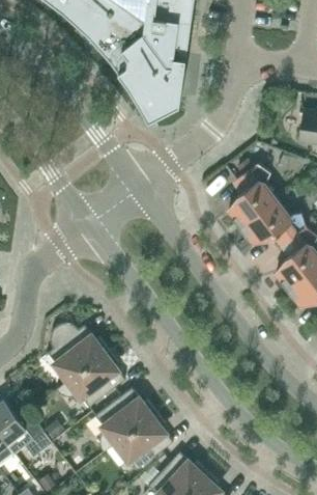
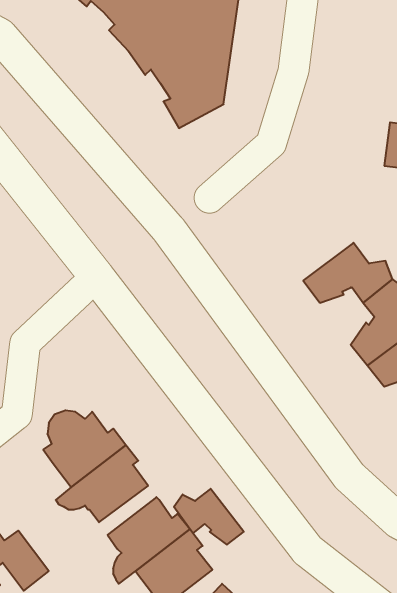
building: [226,163,276,227] -> none
building: none -> [174,489,244,545]

